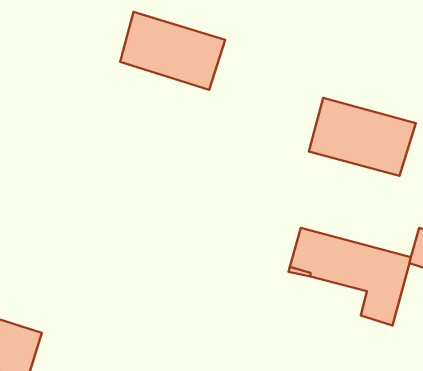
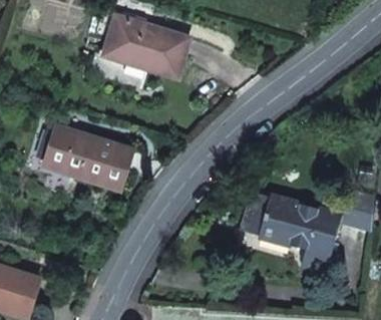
building: [309,98,416,176] -> none
building: none -> [43,125,132,190]

